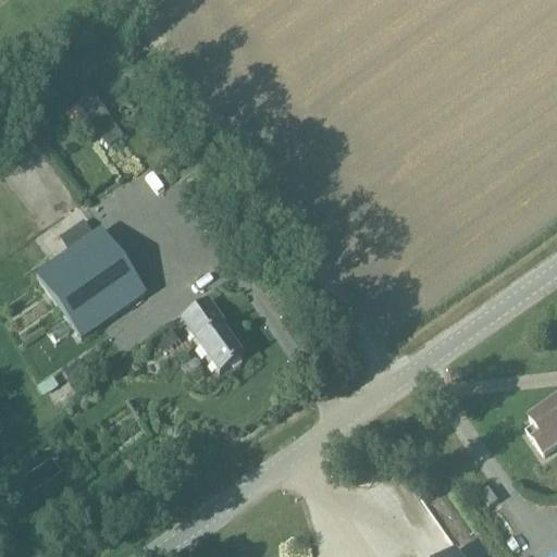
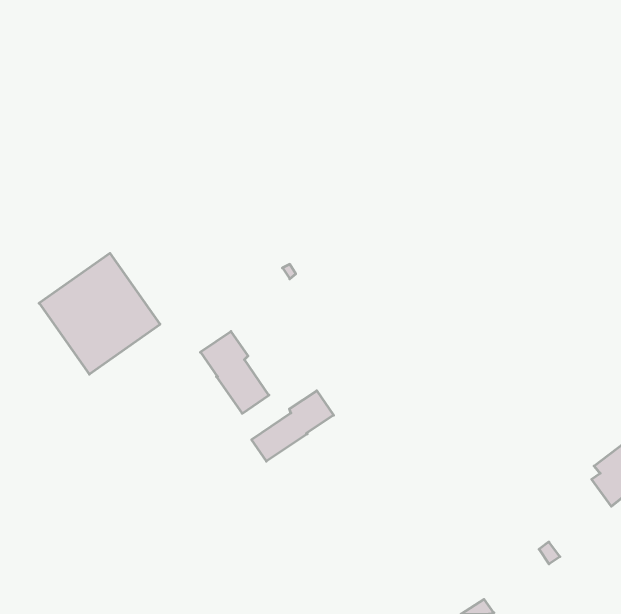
building: none -> [252,391,334,461]

